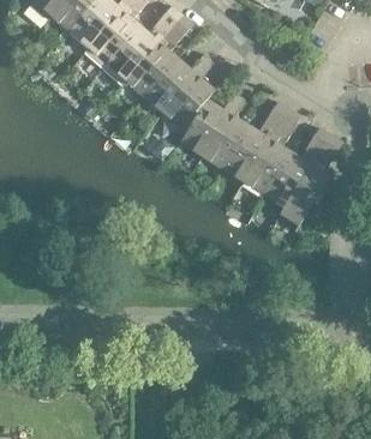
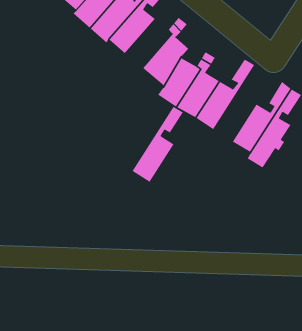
building: [144,56,197,112] -> none
building: [244,108,303,194] -> [132,106,184,183]

